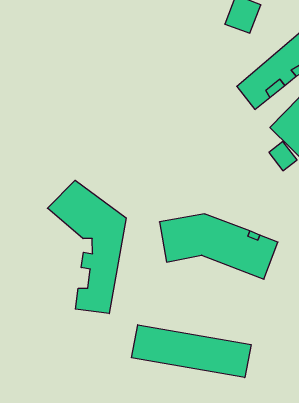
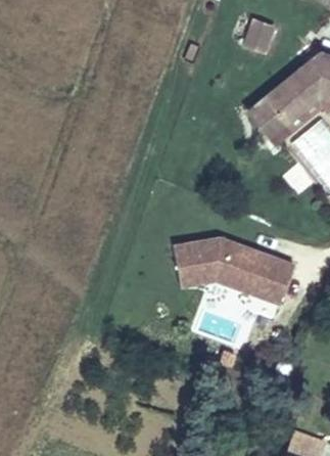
building: [47,180,126,314] -> none
building: [132,325,251,378] -> none

